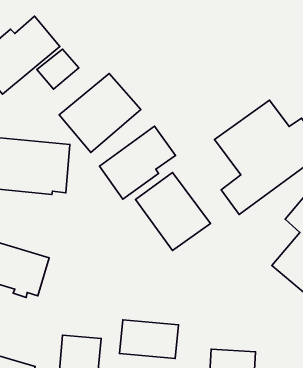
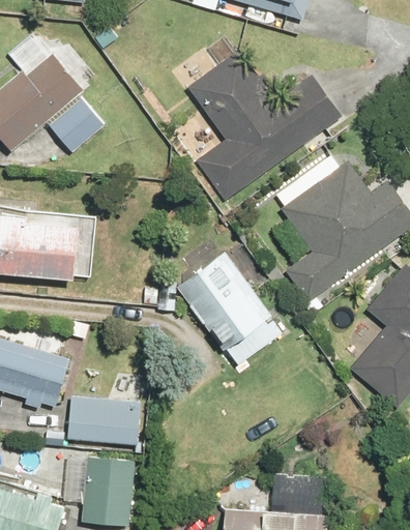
building: none -> [185,49,343,203]
building: [59,73,141,153] -> none
building: [100,126,176,199] -> none
building: [119,320,179,358] -> [66,395,141,444]

